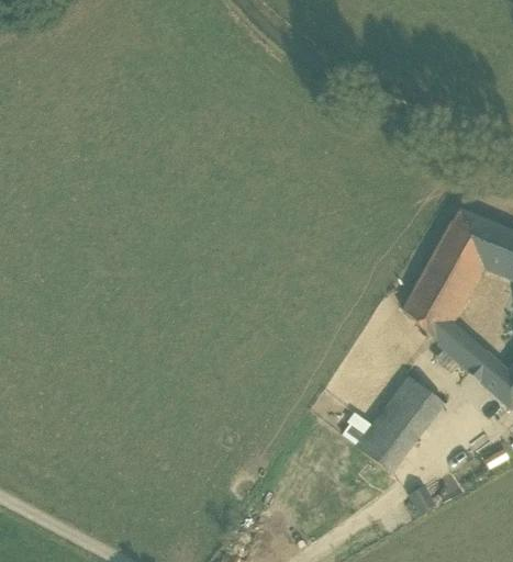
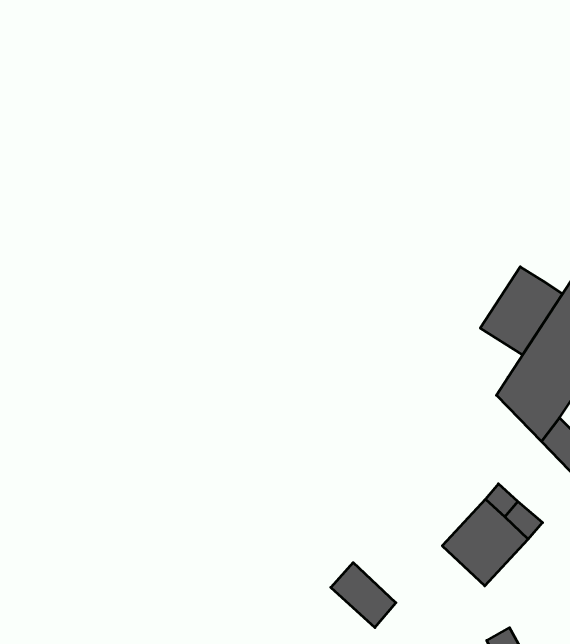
building: none -> [480,267,562,355]
building: [356,426,405,473] -> [331,563,396,628]

